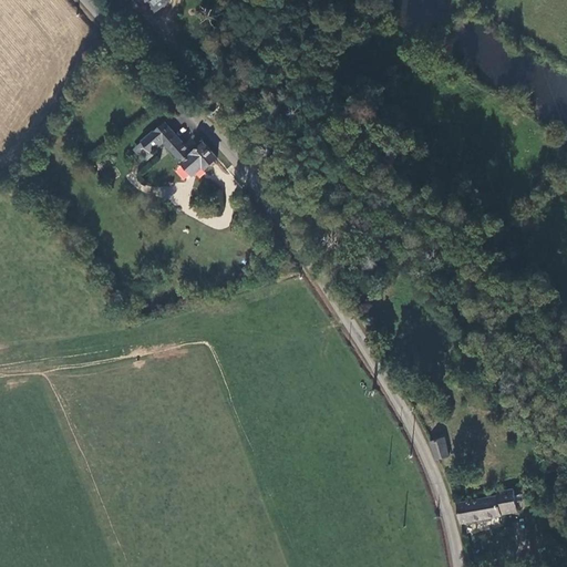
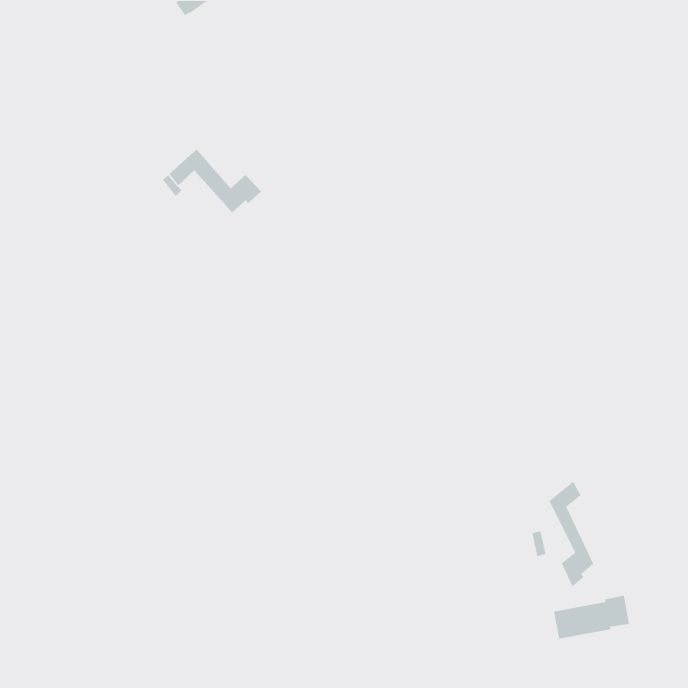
building: none -> [548,480,594,587]

